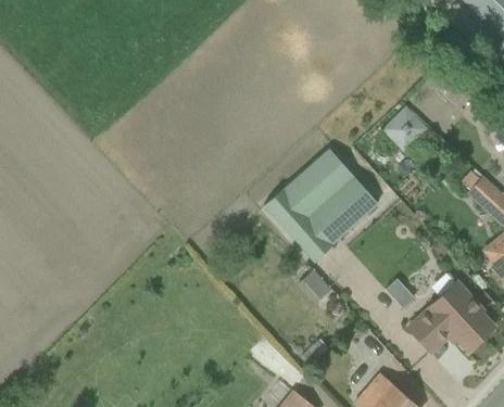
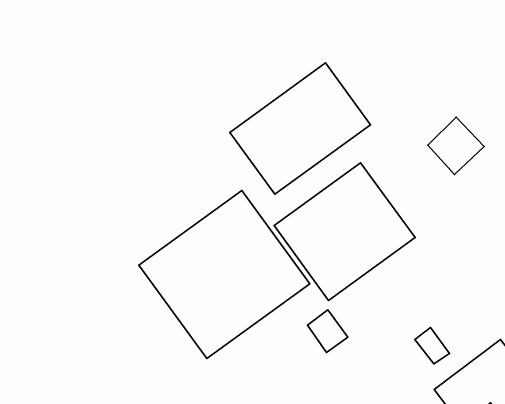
building: none -> [230,63,371,194]
building: none -> [139,190,310,359]

